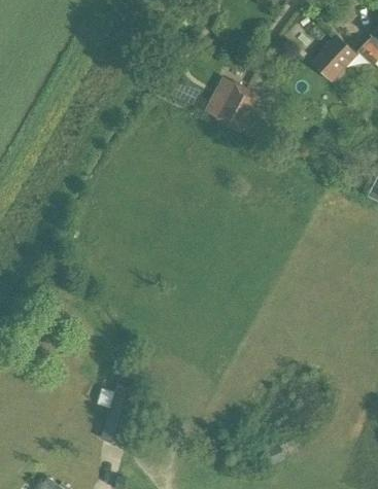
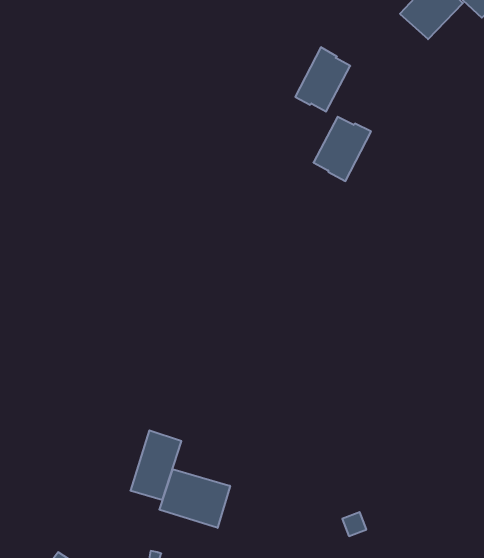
building: [204,77,248,127] -> [313,117,371,181]
building: none -> [159,469,230,528]

